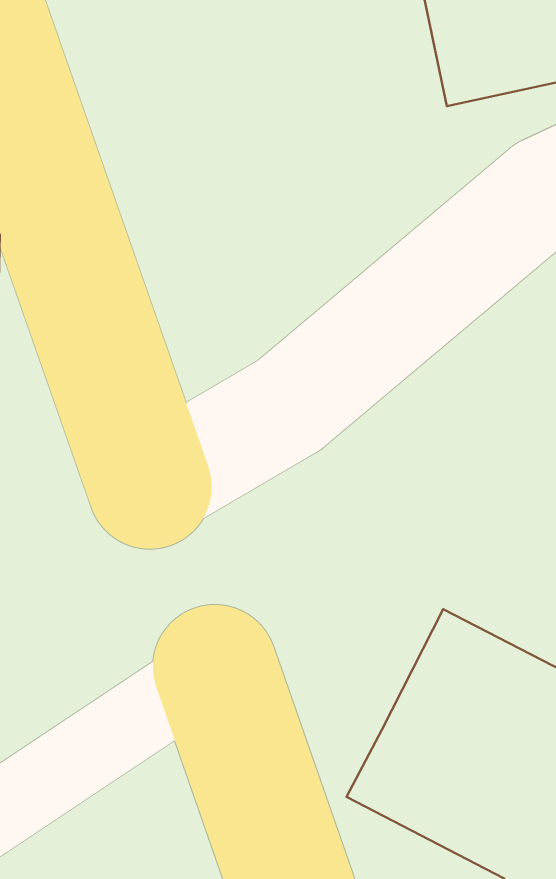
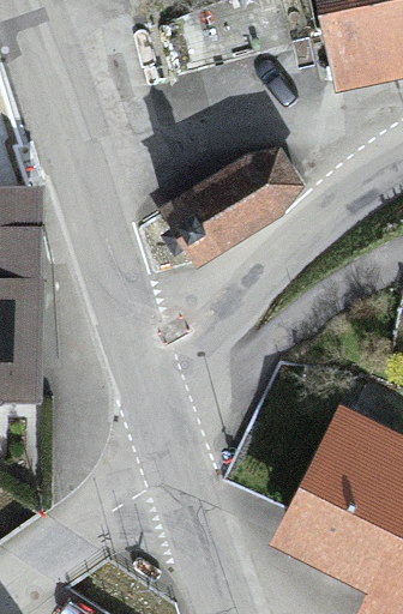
building: none -> [158,145,303,267]

